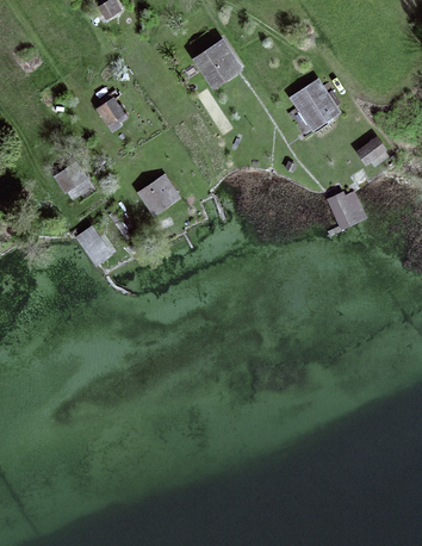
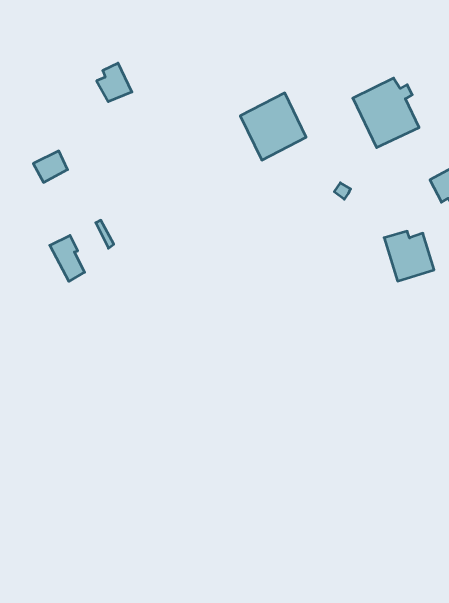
building: [191,37,242,89] -> [240,93,306,160]
building: [138,176,176,216] -> none

